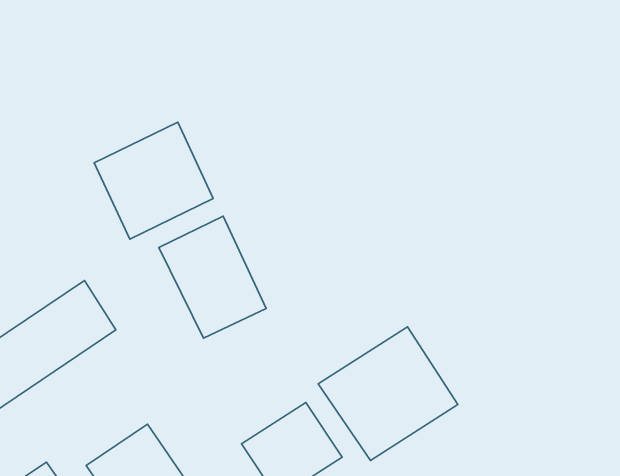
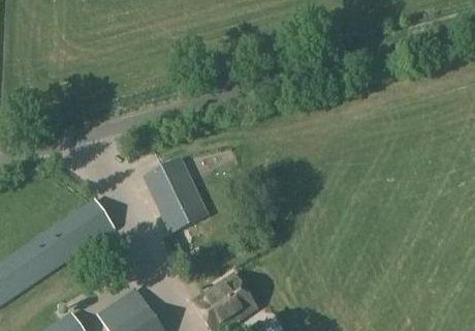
building: [94,122,213,239] -> none
building: [318,327,458,460] -> none

